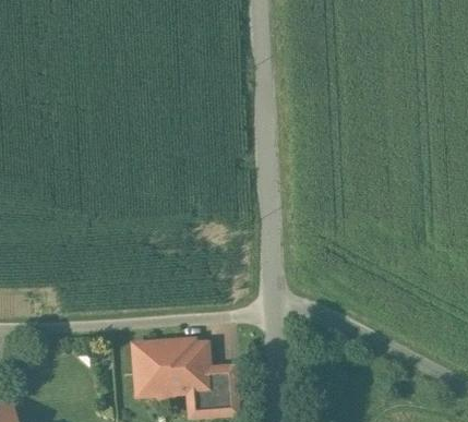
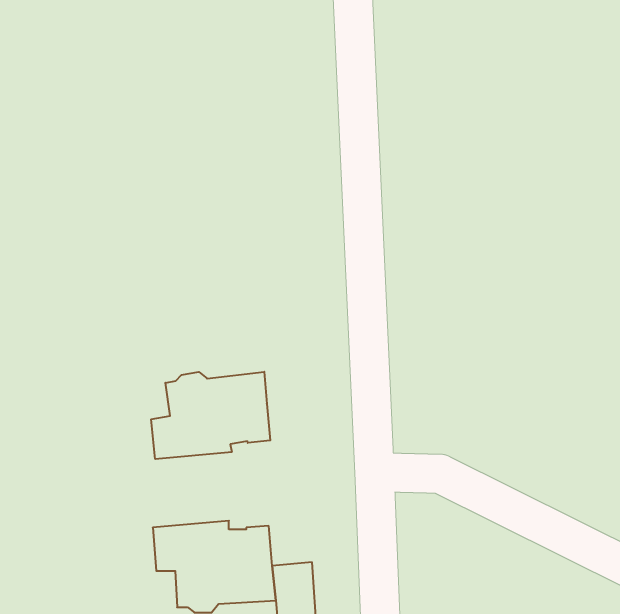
building: none -> [151,372,270,459]

